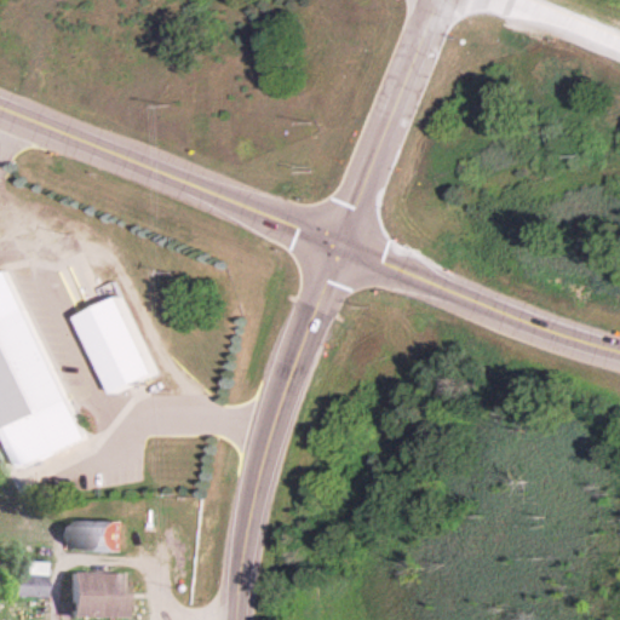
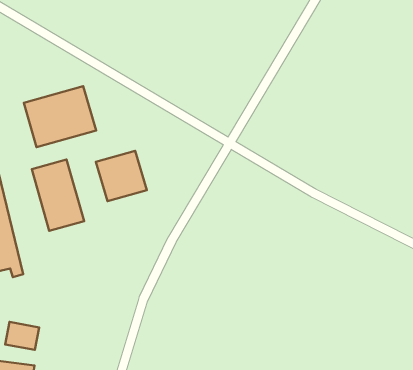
building: none -> [24,86,96,147]
building: none -> [96,151,147,201]

